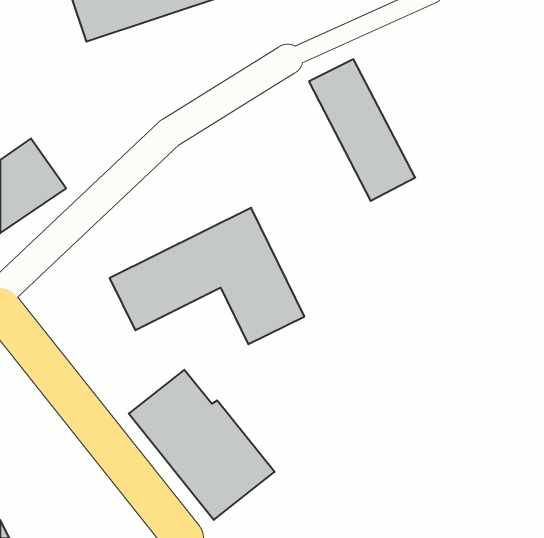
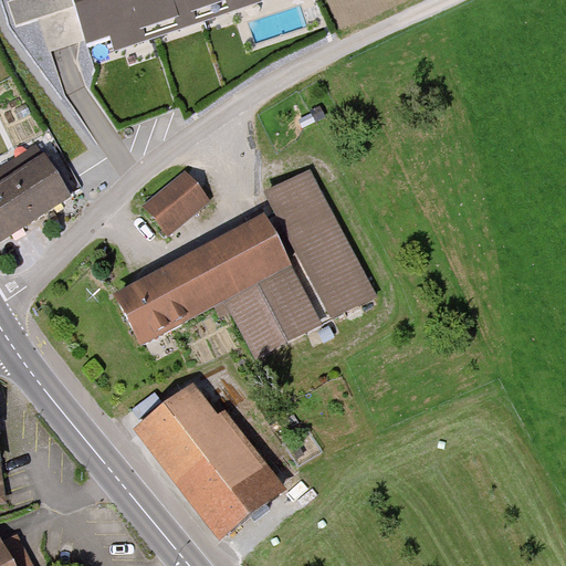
building: [309,59,415,201] -> [264,171,375,318]
building: none -> [145,171,208,233]

